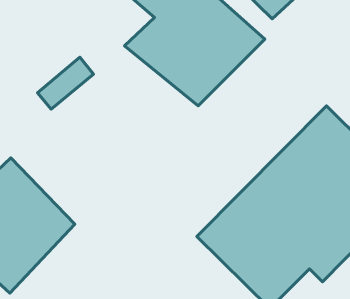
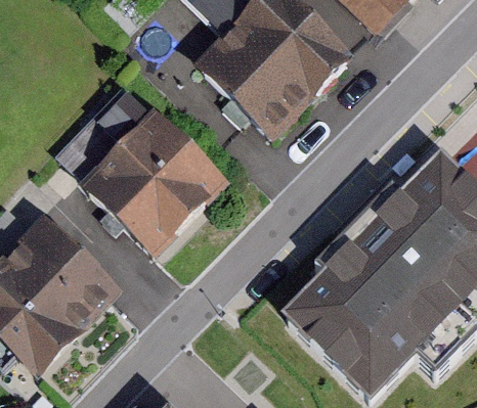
building: none -> [84,106,233,255]

